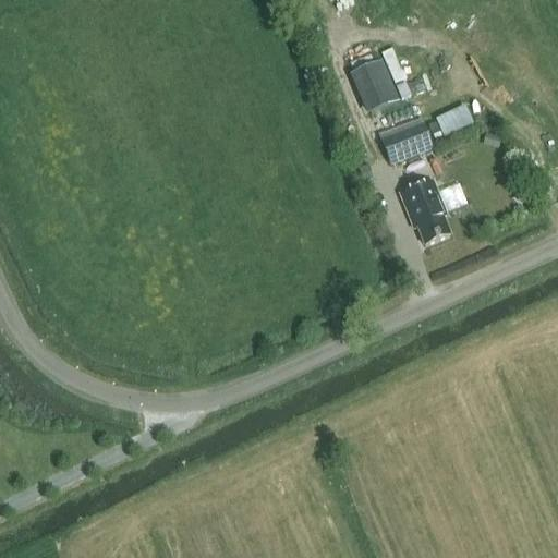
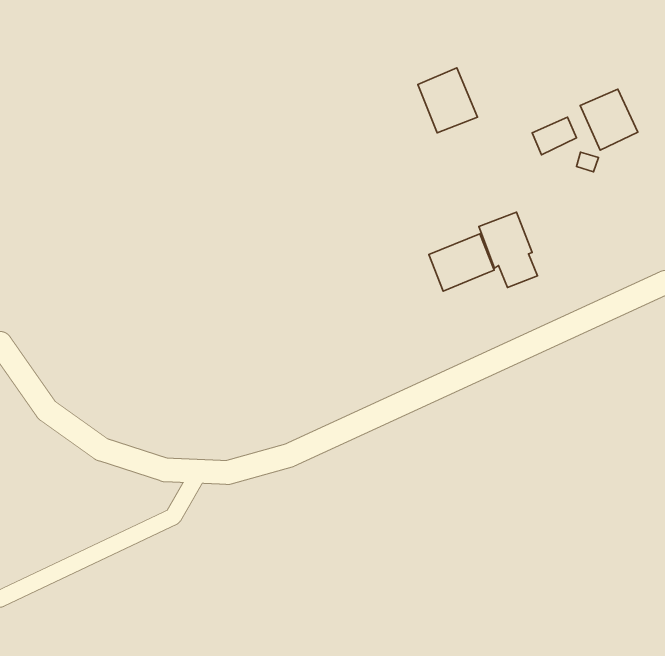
building: none -> [580,89,638,150]
building: [378,114,433,162] -> [429,234,494,291]

